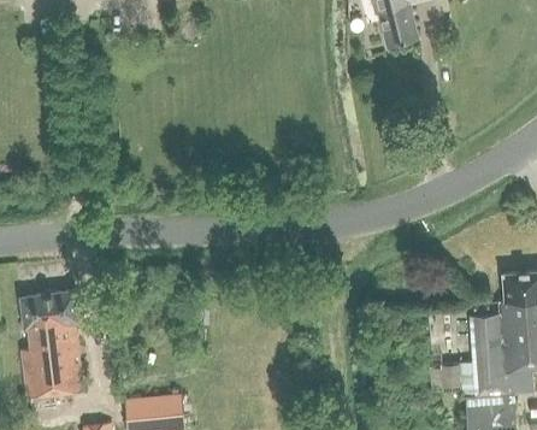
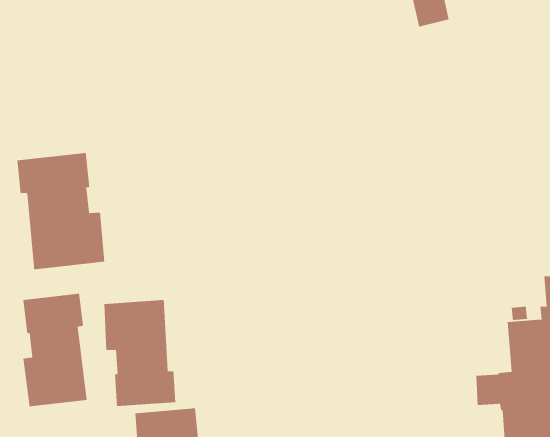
building: none -> [17,152,105,270]
building: none -> [104,299,176,407]

